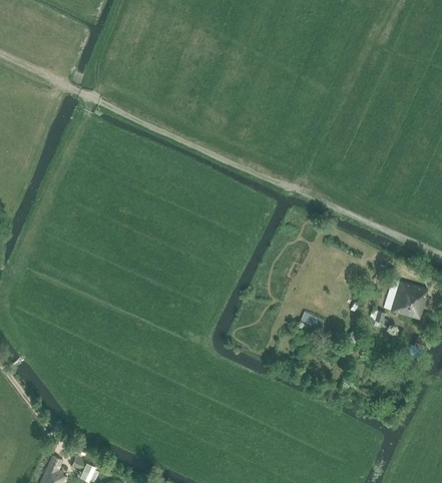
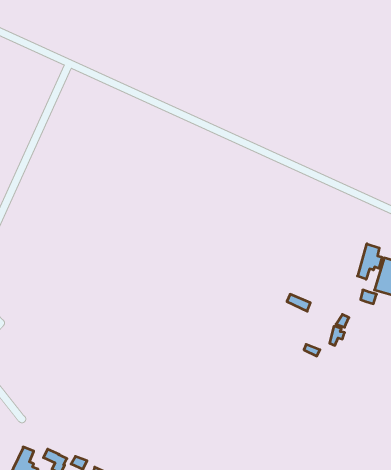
building: none -> [357,244,382,279]

